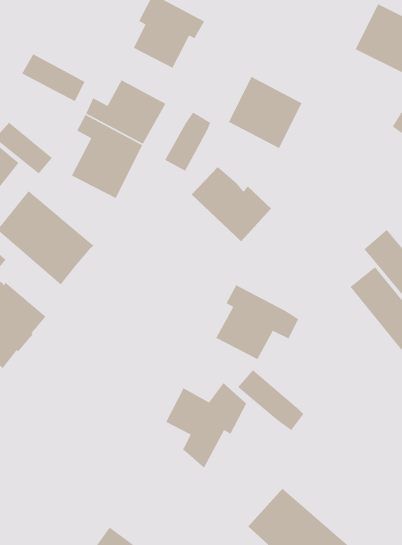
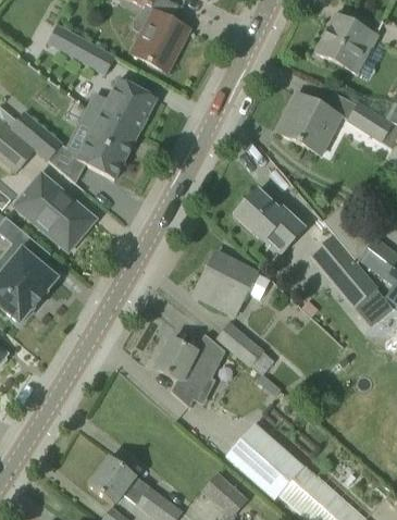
building: [21,53,86,102] -> [61,33,115,74]
building: [228,76,303,149] -> [277,92,340,154]
building: [164,112,211,172] -> none
building: [191,166,272,242] -> [235,190,303,255]

